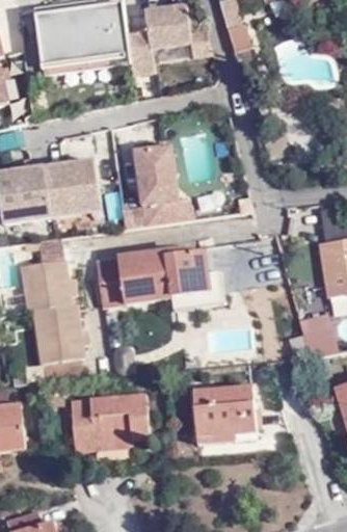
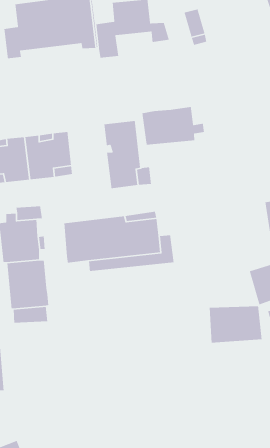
building: none -> [142,106,205,145]
building: [71,391,151,457] -> none
building: [193,392,255,435] -> [209,305,263,344]

